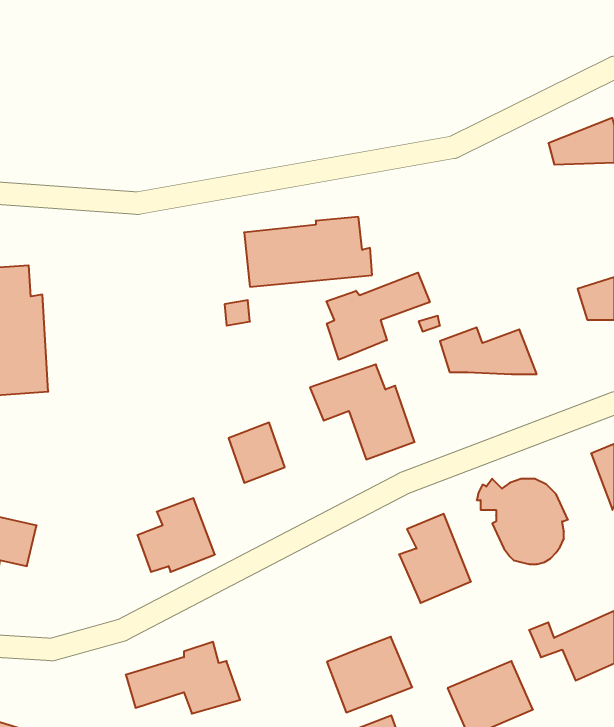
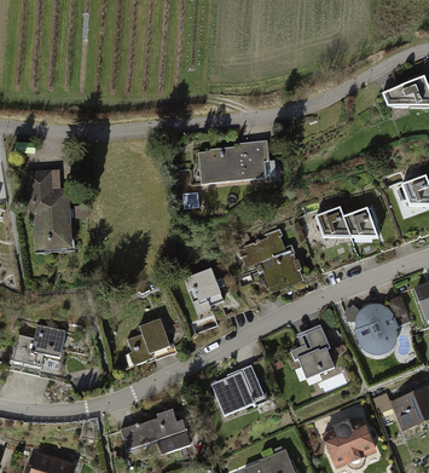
building: [326,273,430,360] -> none
building: [327,637,412,712] -> [211,369,265,416]

